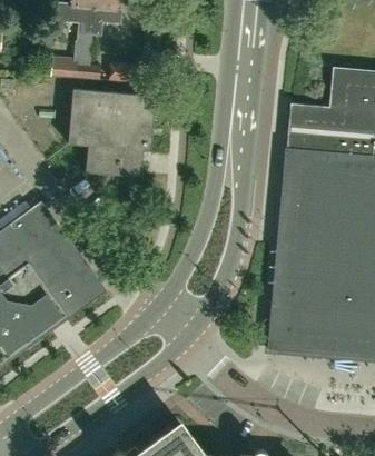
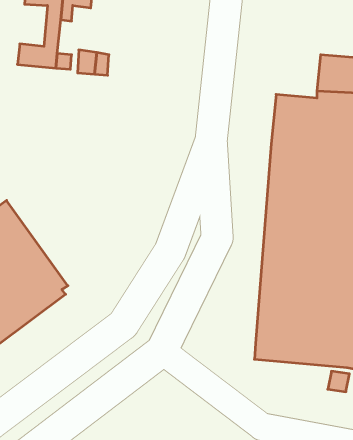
building: [70,89,158,177] -> none

